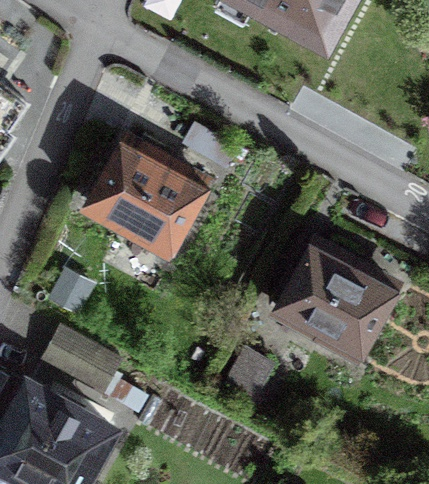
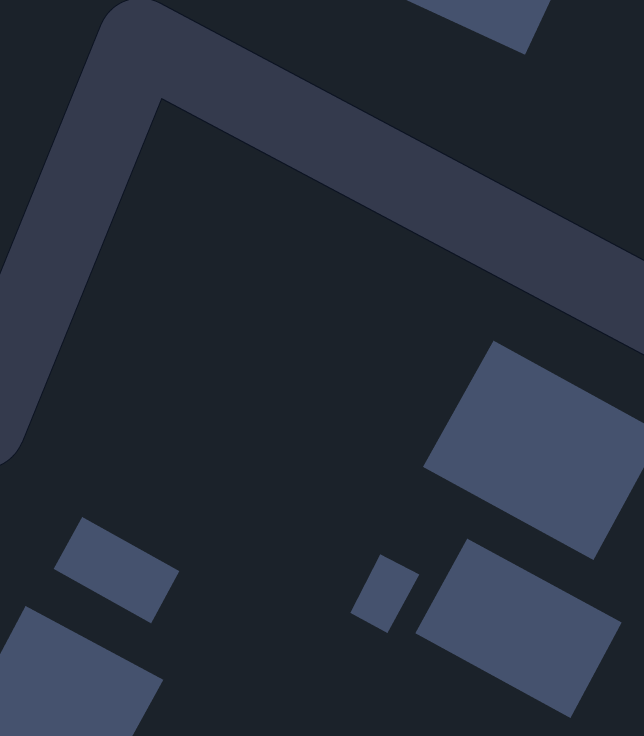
building: [79,136,220,269] -> none
building: none -> [414,538,623,719]

